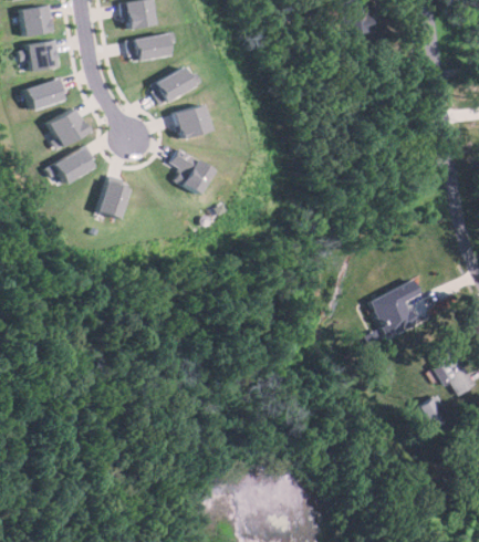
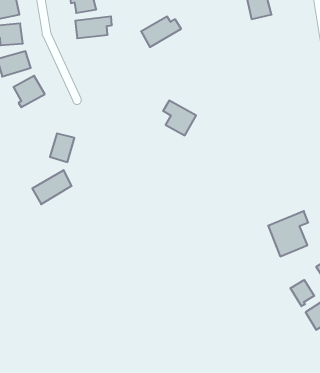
building: [148,66,199,105] -> [141,17,181,47]
building: [171,105,207,137] -> none
building: [46,144,96,187] -> [32,170,72,204]
building: [167,149,209,194] -> [163,101,196,135]
building: none -> [290,280,314,306]

